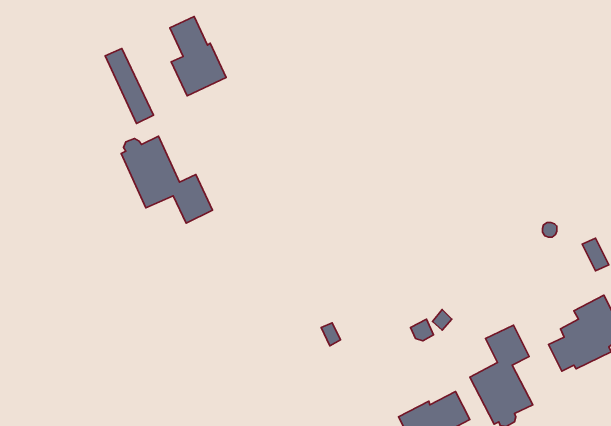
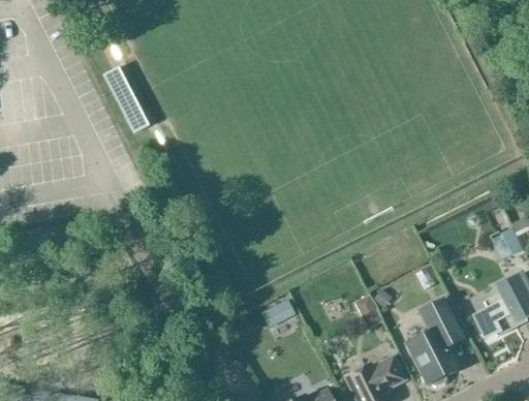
building: [170,17,226,96] -> none
building: [121,136,213,223] -> none

